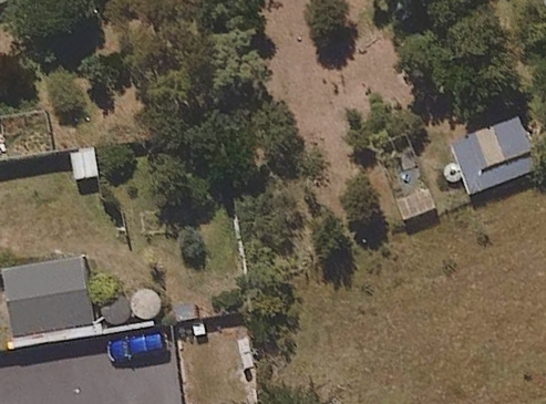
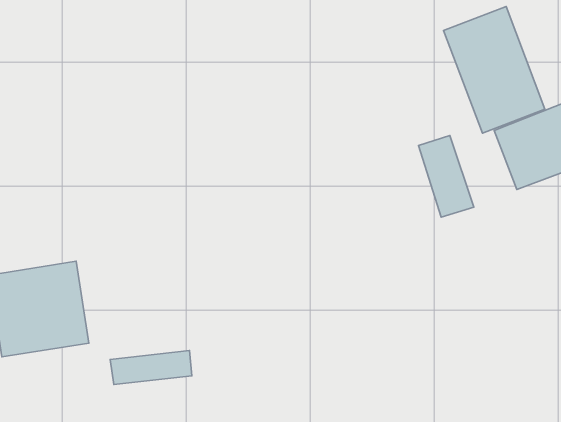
building: none -> [444,6,545,133]

